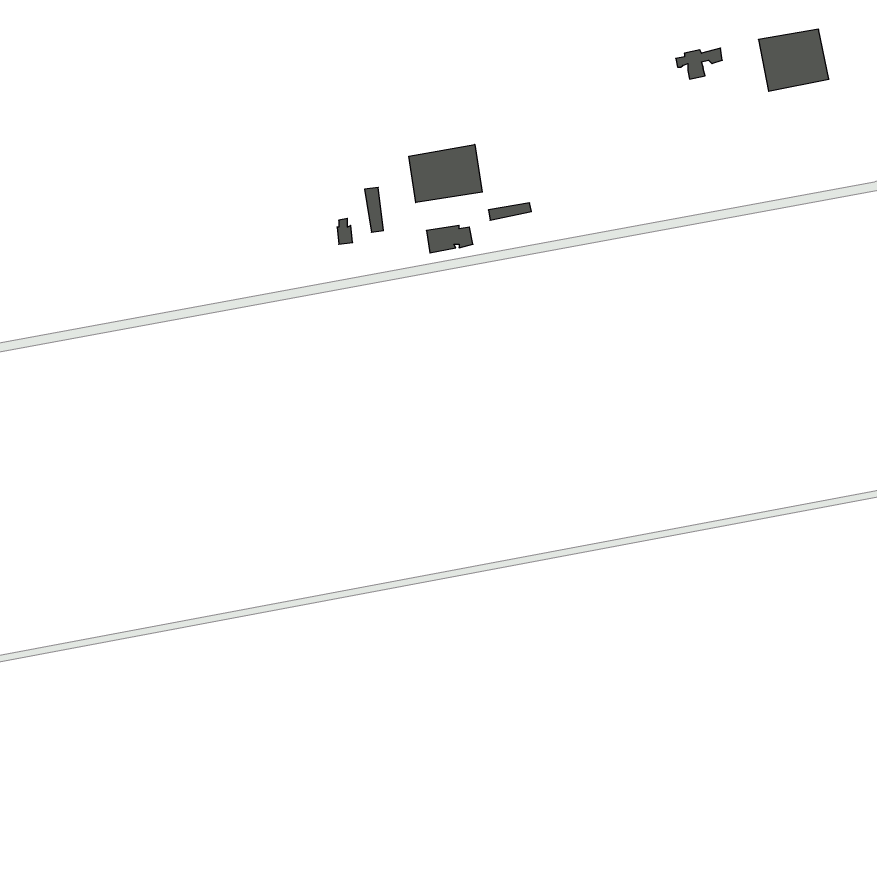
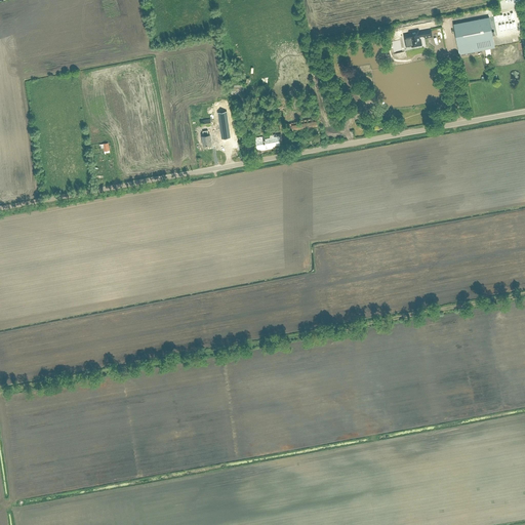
building: [409,144,482,203] -> none

